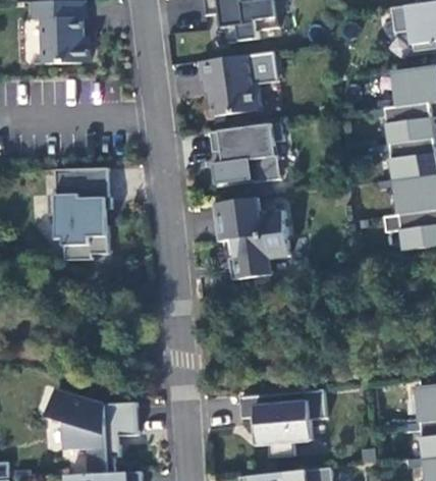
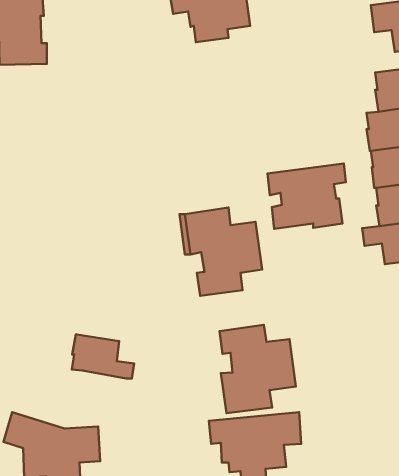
building: [198,52,277,116] -> none
building: [209,123,282,184] -> [268,164,346,229]
building: [47,168,110,260] -> none
building: none -> [219,325,296,413]
building: none -> [72,334,134,378]

